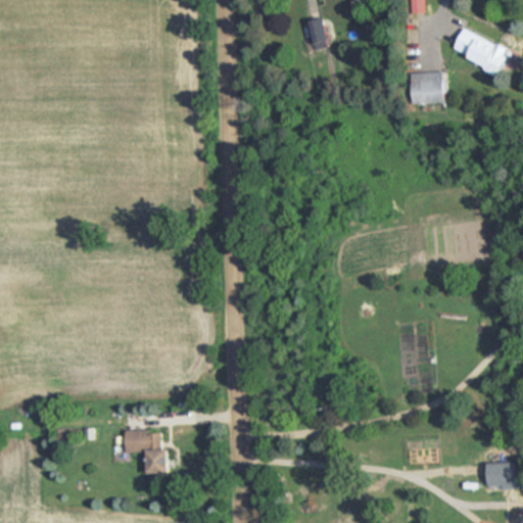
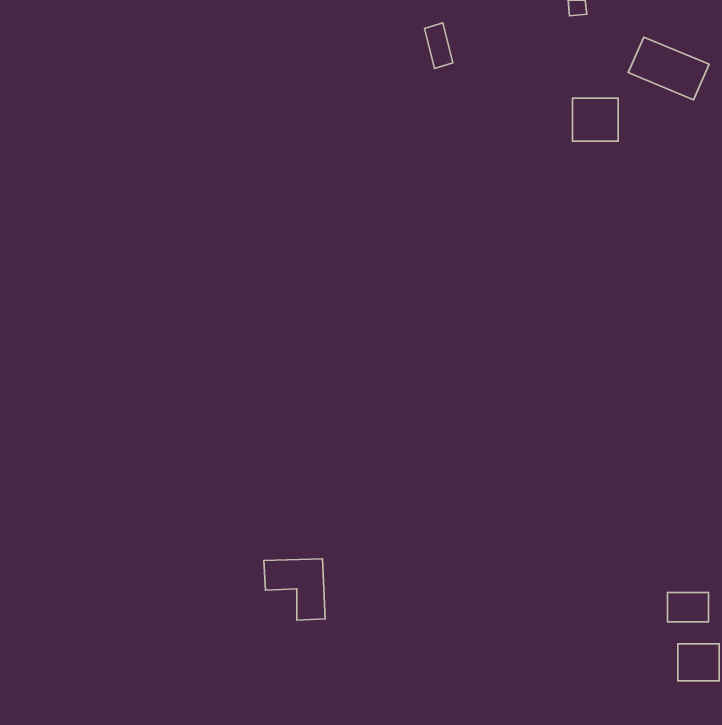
building: none -> [668,593,709,622]
building: [123,430,167,474] -> [264,559,325,620]

